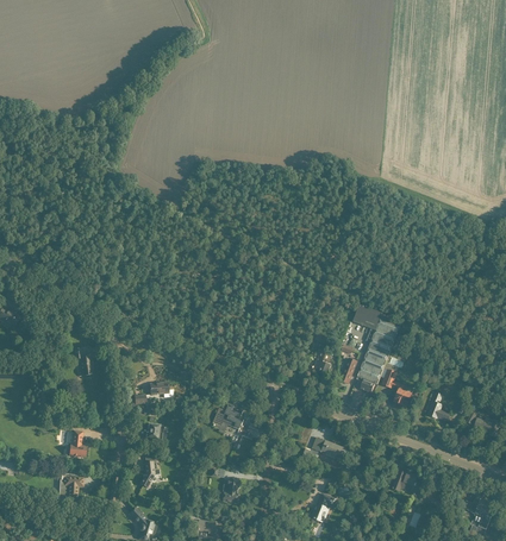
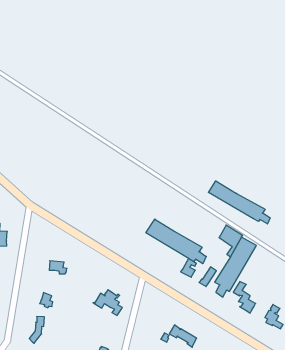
building: none -> [208,181,270,224]
building: none -> [146,219,206,264]

